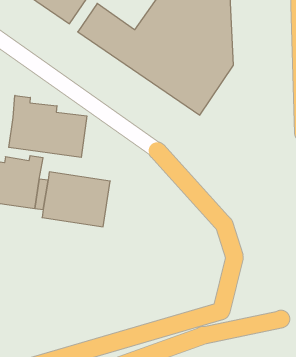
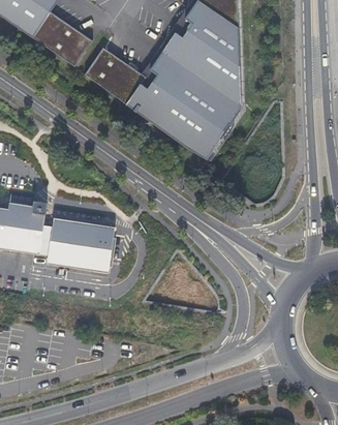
building: [9,95,87,157] -> none

